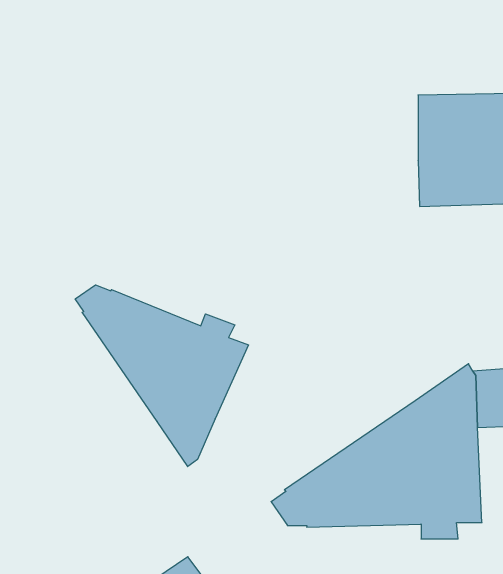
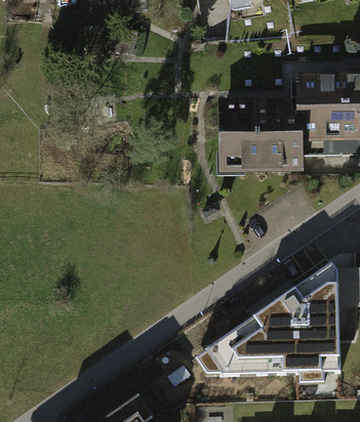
building: none -> [223,103,298,166]
building: [75,285,248,467] -> none

